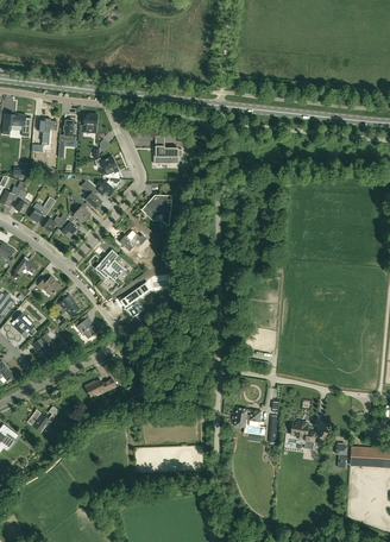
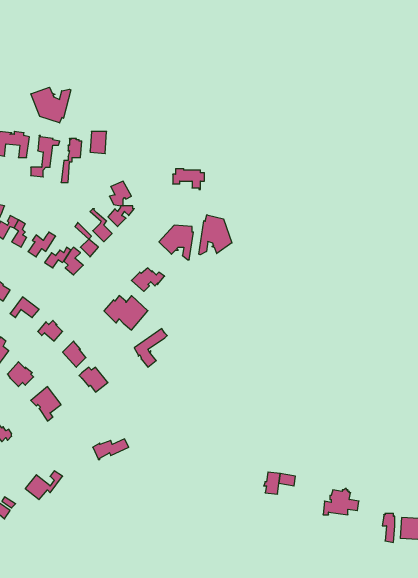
building: none -> [31,87,71,123]
building: none -> [199,215,232,255]

